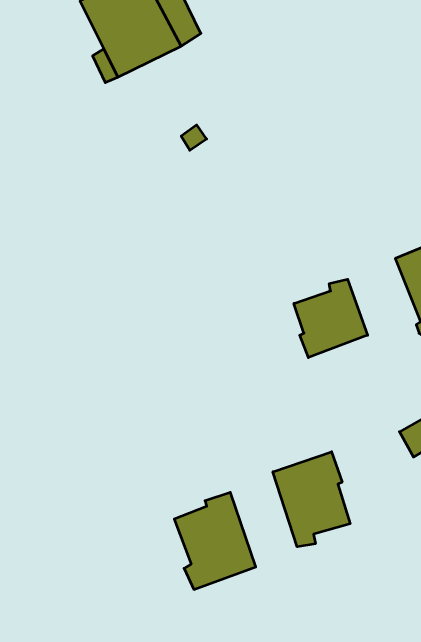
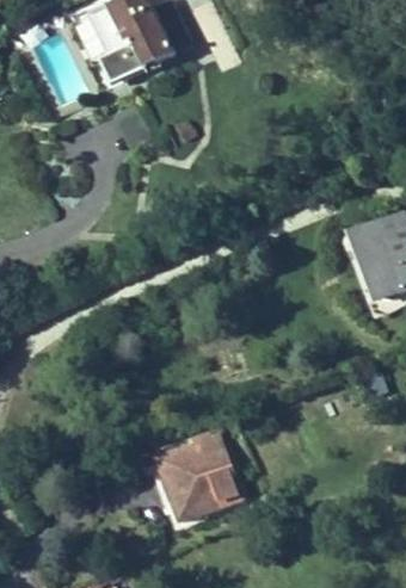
building: [294,279,368,358] -> none
building: [273,452,350,547] -> none

